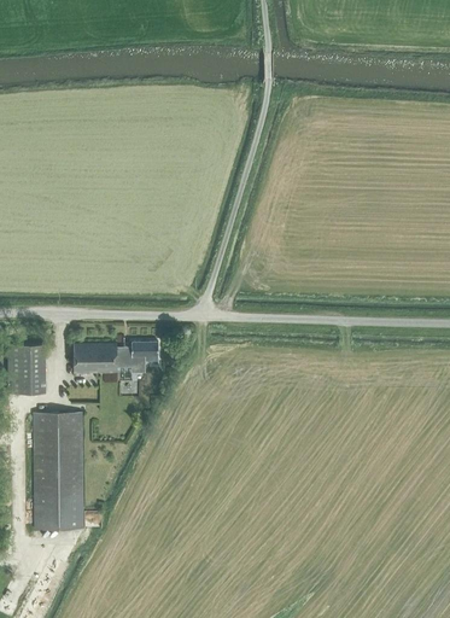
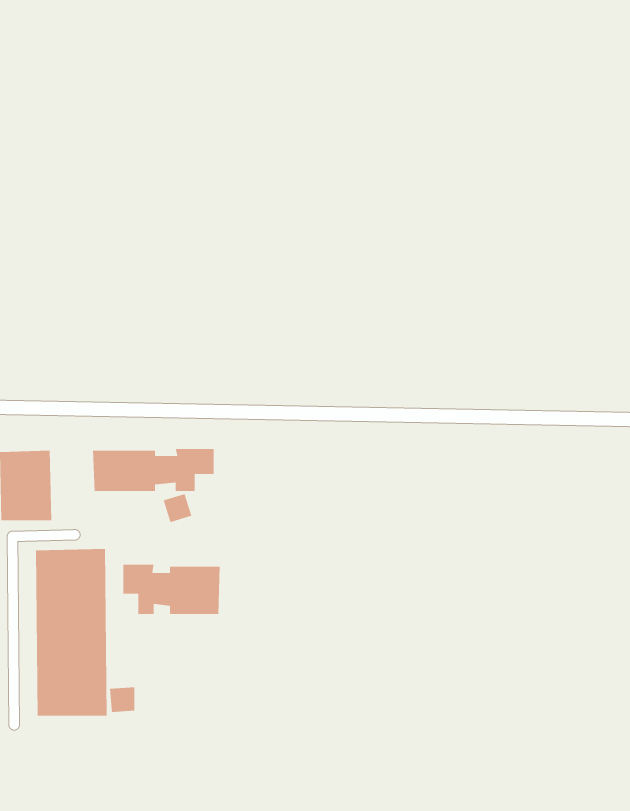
building: none -> [123,564,220,615]

